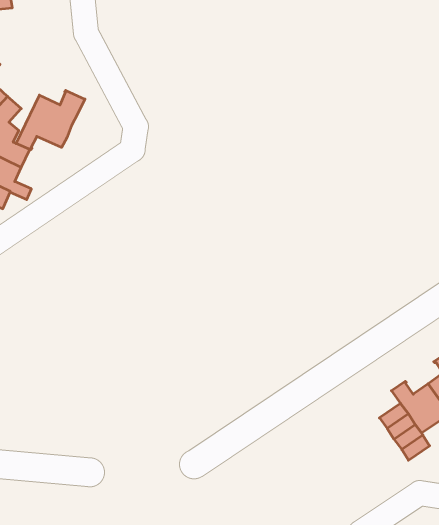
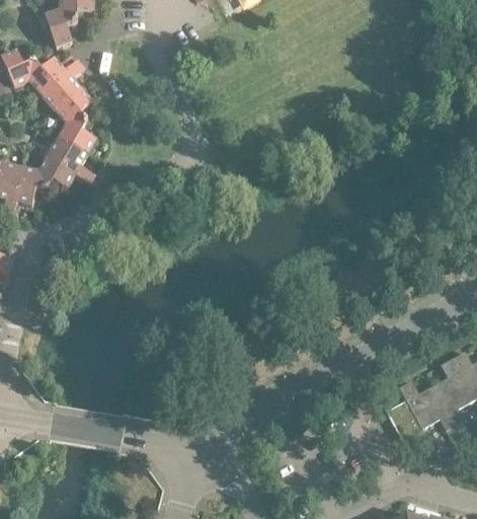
building: [16,90,85,150] -> none

